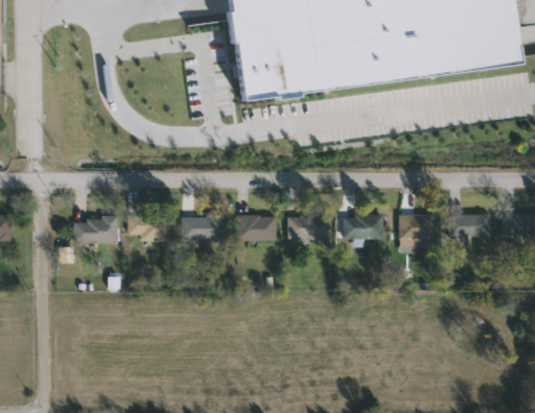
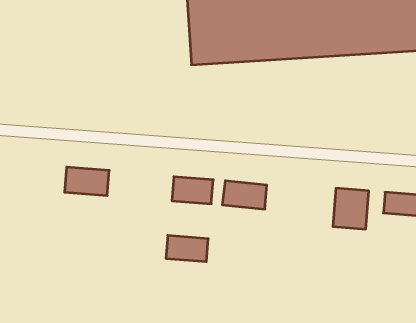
building: [343,214,383,238] -> none
building: [182,216,222,239] -> [166,235,208,262]
building: [73,217,117,241] -> none

